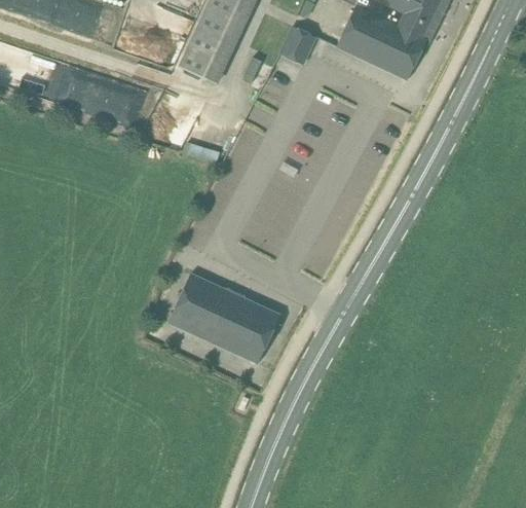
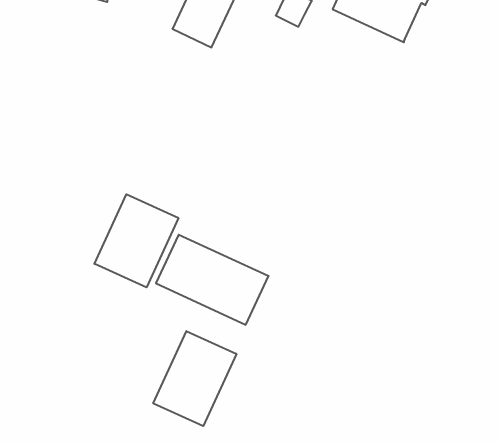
building: none -> [94,194,178,287]
building: none -> [153,331,236,426]

